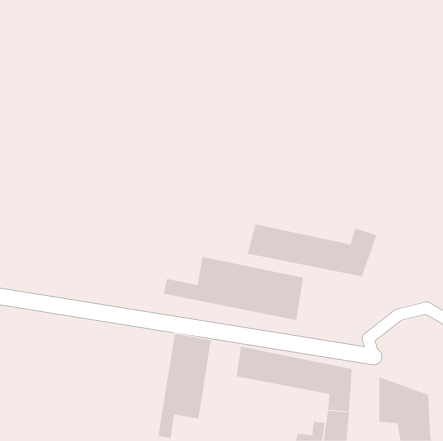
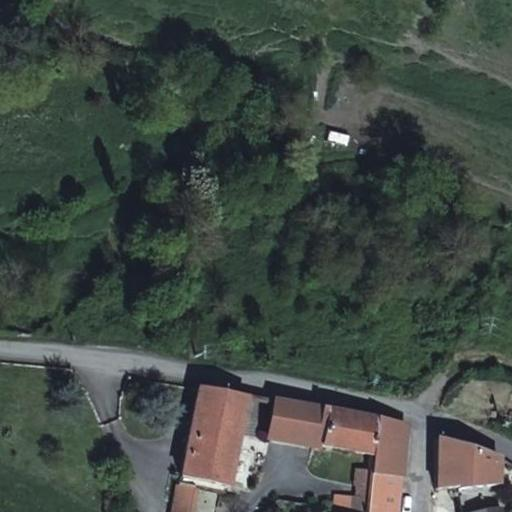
building: [247,223,377,277] -> none
building: [163,256,304,321] -> none

